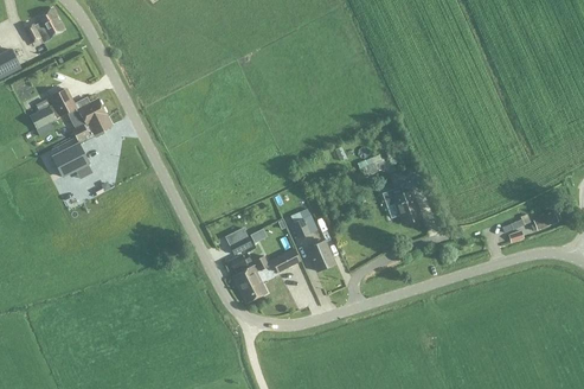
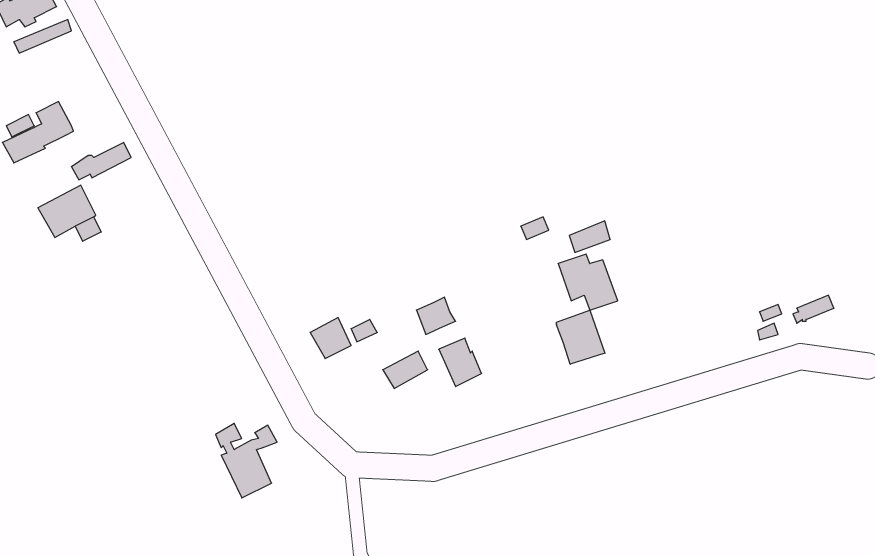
building: [68,97,105,127] -> none
building: none -> [557,310,605,364]
building: [229,254,268,301] -> [216,423,277,498]

